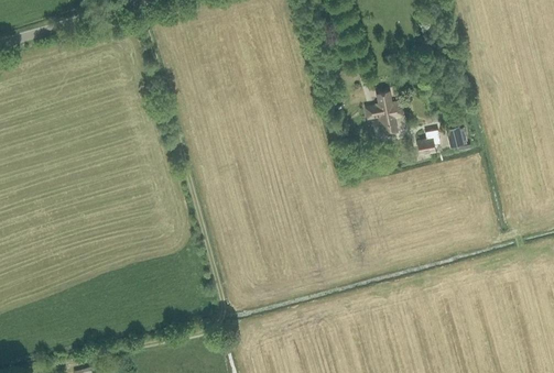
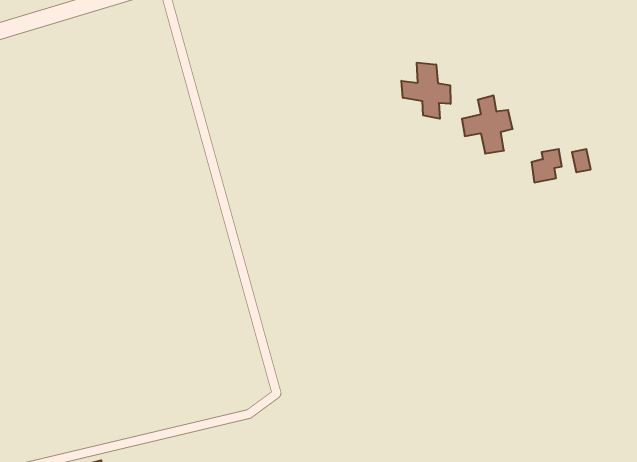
building: none -> [401,63,450,119]

